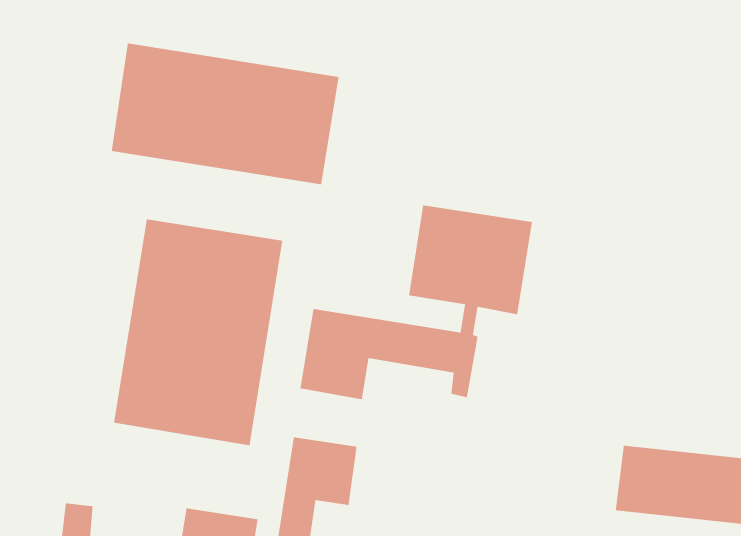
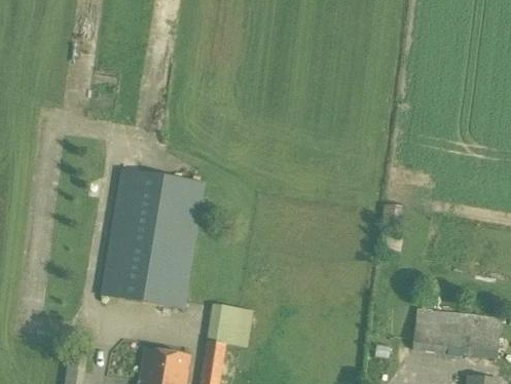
building: [111,42,340,185] -> none
building: [300,204,533,400] -> none

